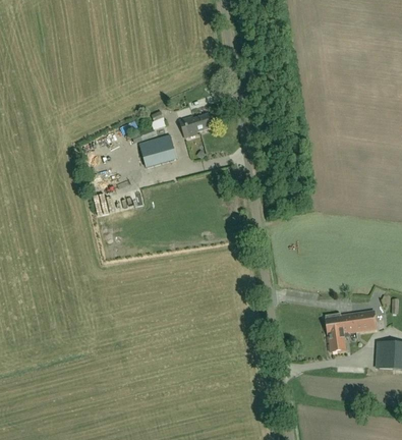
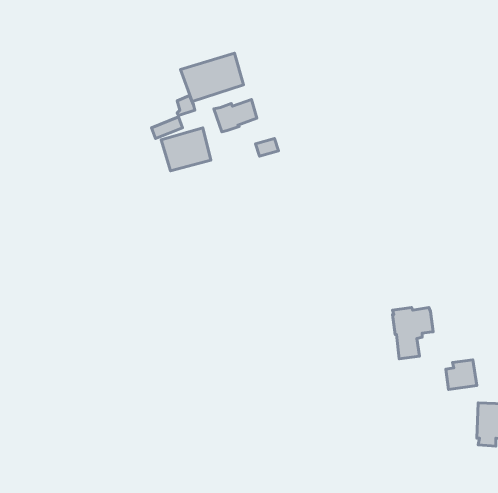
building: none -> [181,53,244,102]
building: [325,313,355,351] -> [393,308,433,359]

